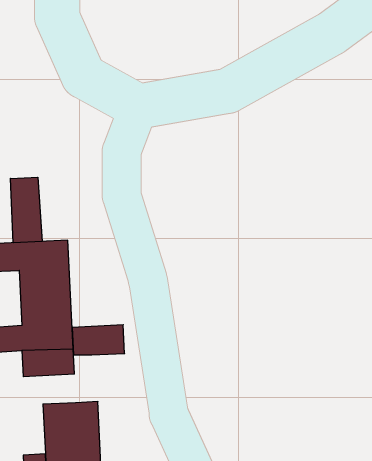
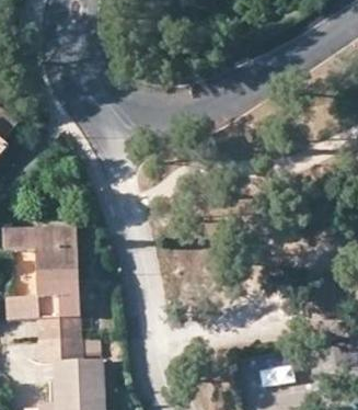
building: [10,177,42,243] -> none
building: [72,325,125,355] -> [37,337,81,362]

